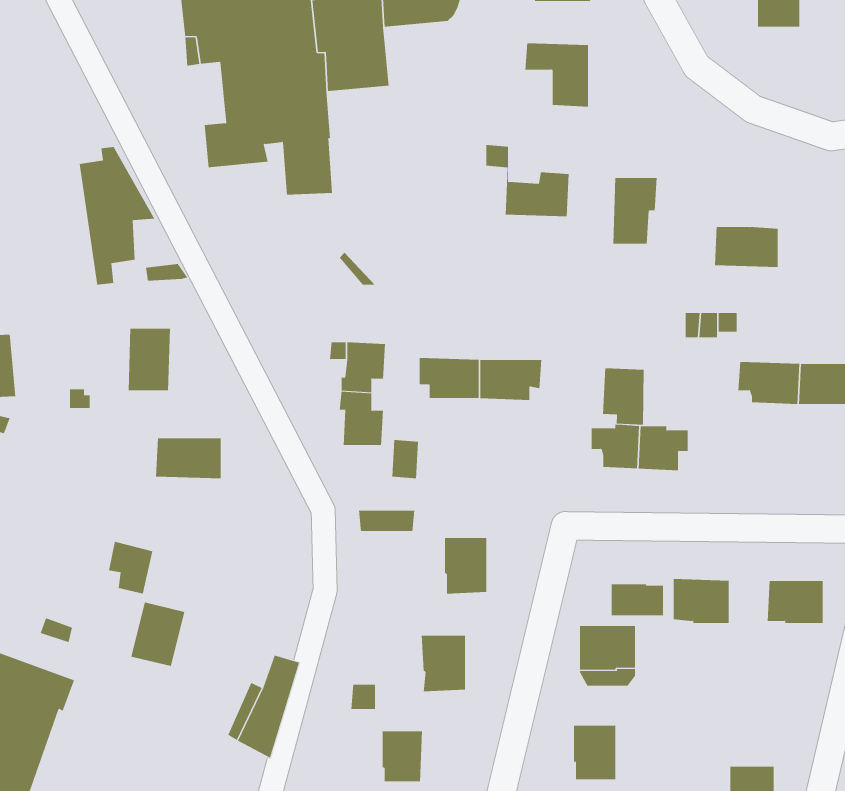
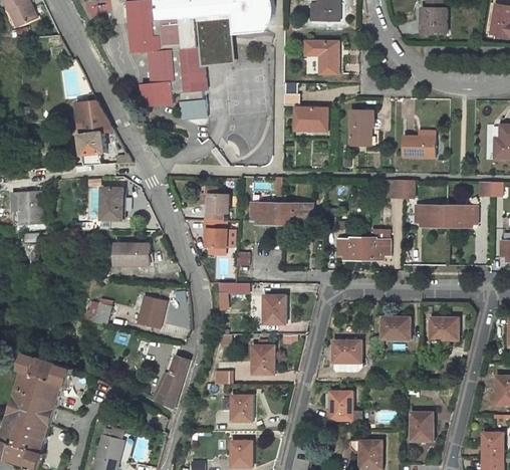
building: [603,367,644,425] -> none
building: [611,583,663,616] -> none
building: [131,602,185,667] -> [137,295,165,328]

